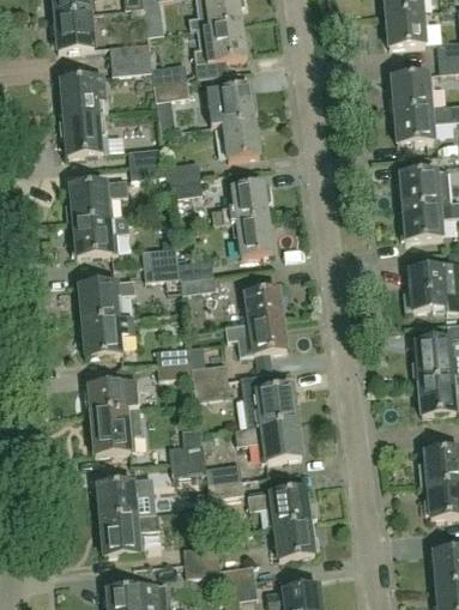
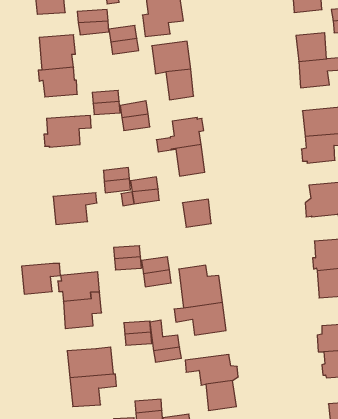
building: [70,215,129,254] -> none
building: [81,315,132,355] -> [22,263,61,294]
building: [224,318,286,355] -> none

